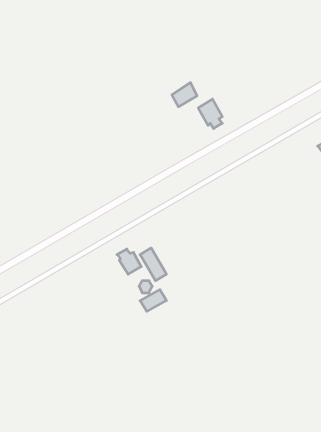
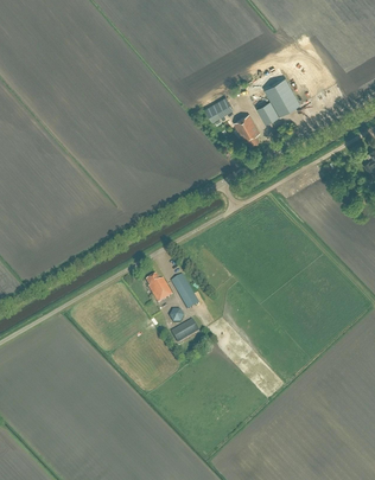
building: none -> [256,77,300,123]

